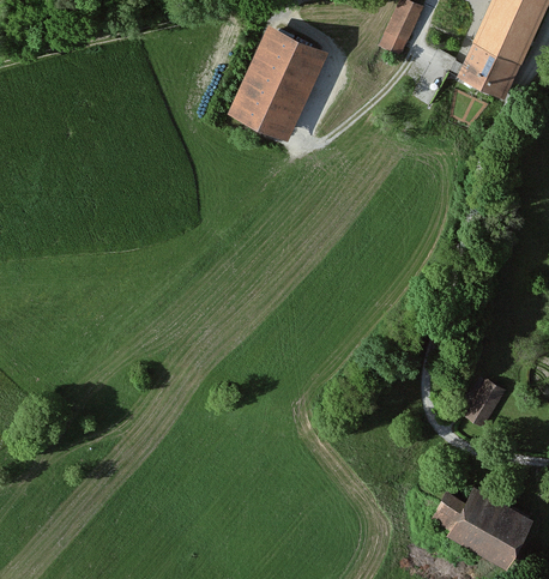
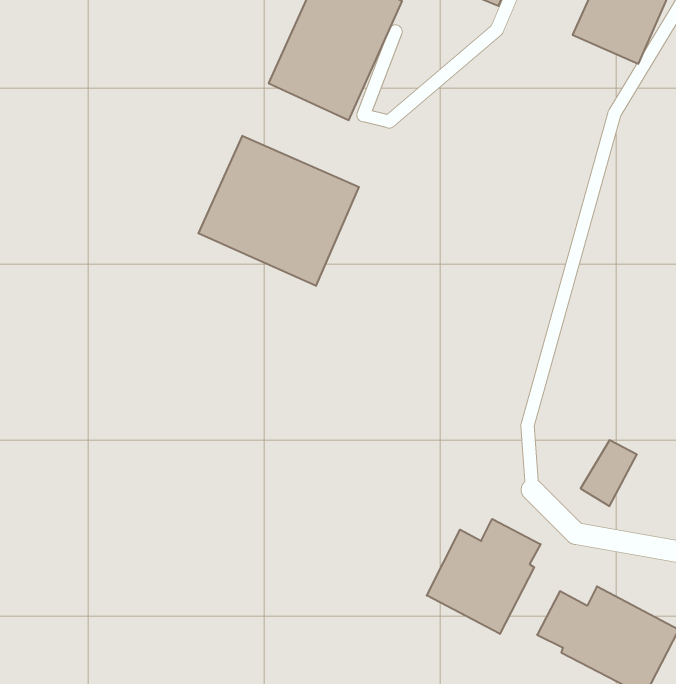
building: none -> [198,136,359,286]
building: none -> [427,519,541,634]

